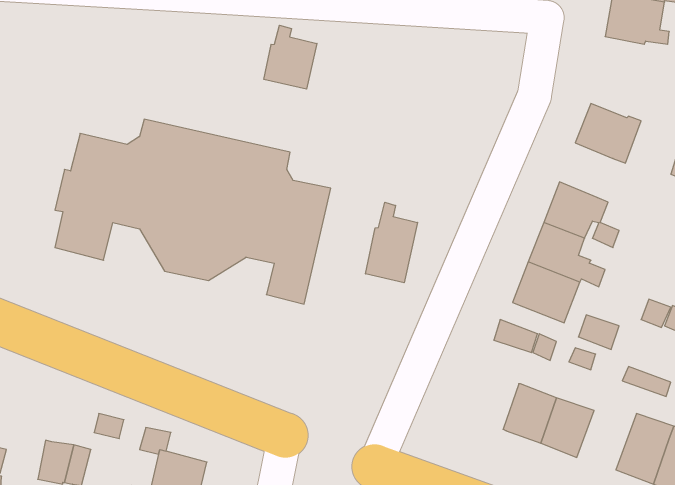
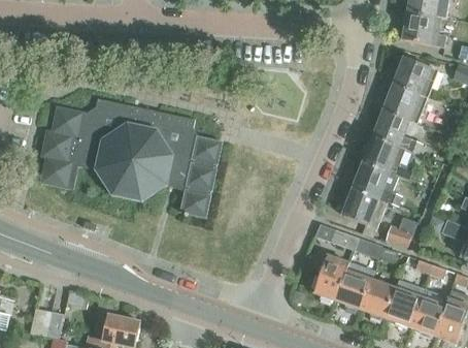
building: [264,25,317,89] -> none
building: none -> [393,58,436,96]
building: none -> [372,110,423,153]
building: [366,202,418,283] -> none
building: none -> [312,255,348,299]
building: none -> [383,280,423,326]

